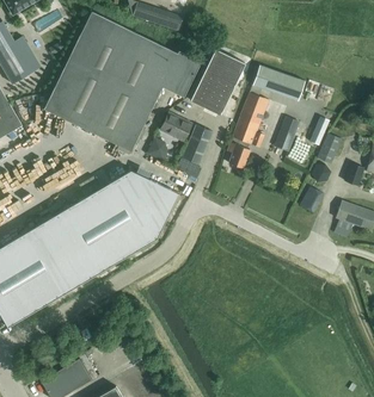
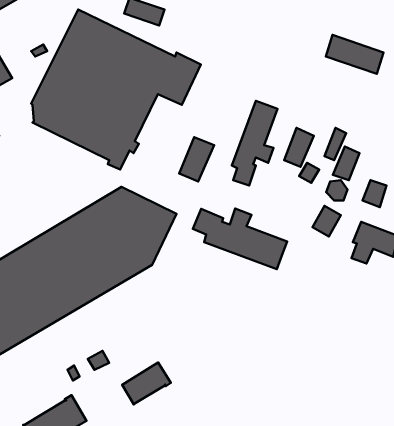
building: [190,50,244,113] -> none
building: [252,66,304,100] -> [326,35,384,74]
building: [159,112,191,141] -> none
building: none -> [193,208,287,269]
building: none -> [122,363,171,405]

